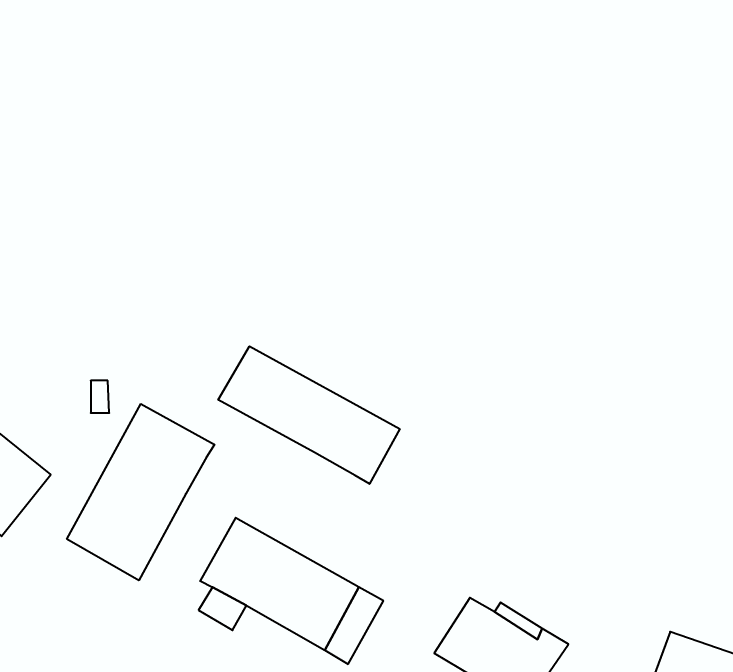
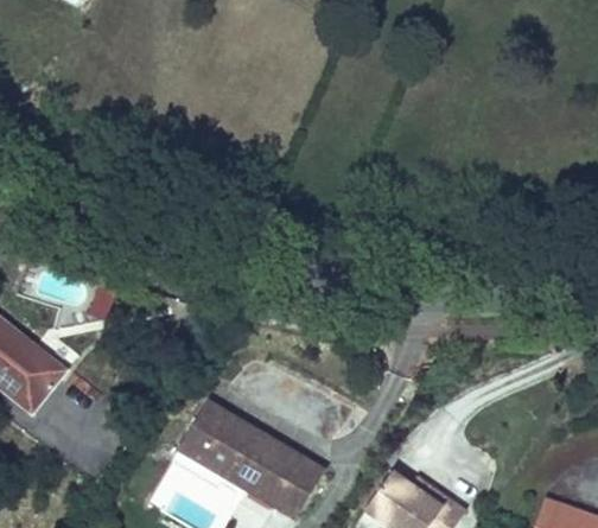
building: [218,346,400,484] -> none
building: [67,404,214,580] -> none

